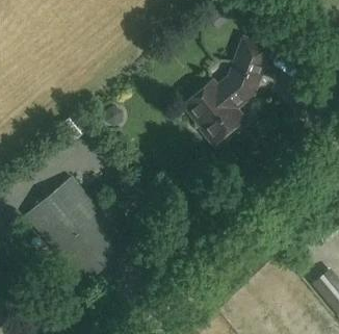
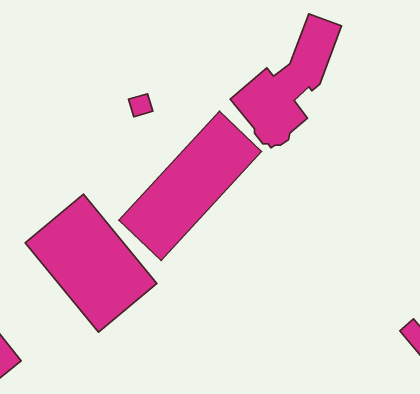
building: none -> [119,111,262,260]

